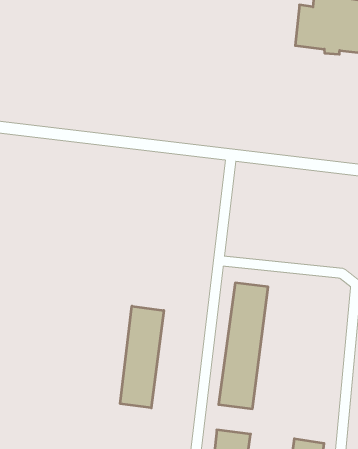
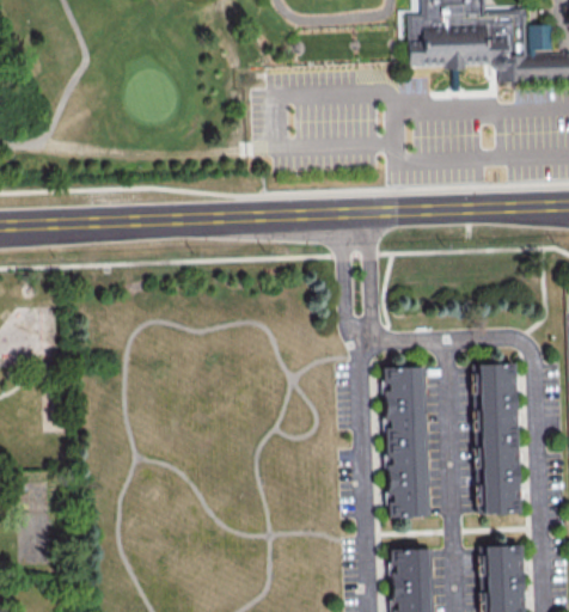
building: none -> [479,361,520,512]
building: [120,306,164,408] -> none

